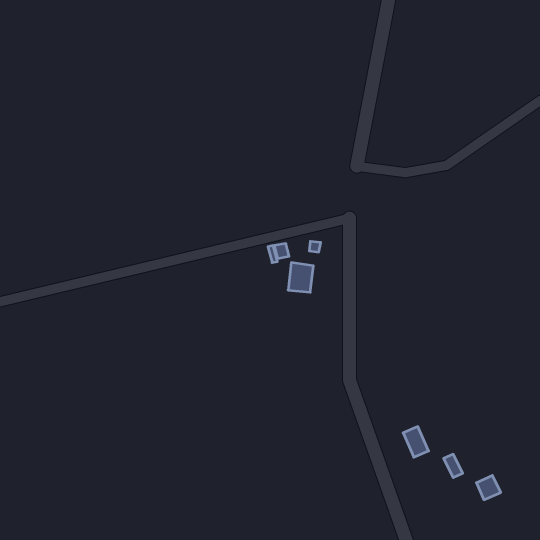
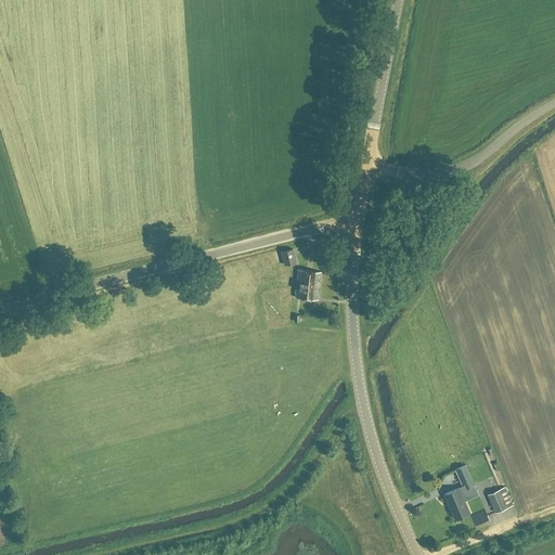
building: [403,427,429,457] -> [443,489,469,520]

